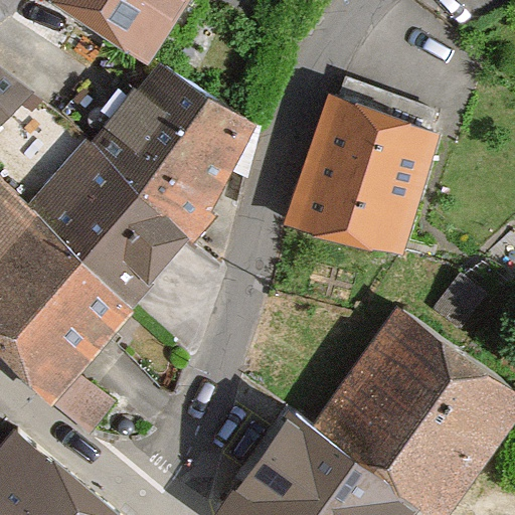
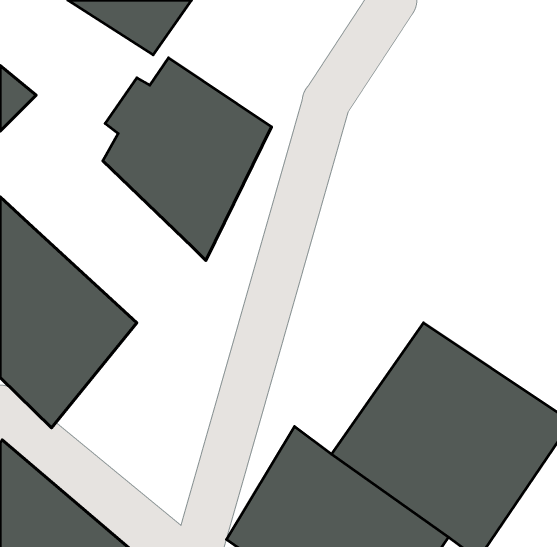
building: [286,94,440,264] -> none
building: [28,150,179,316] -> none

